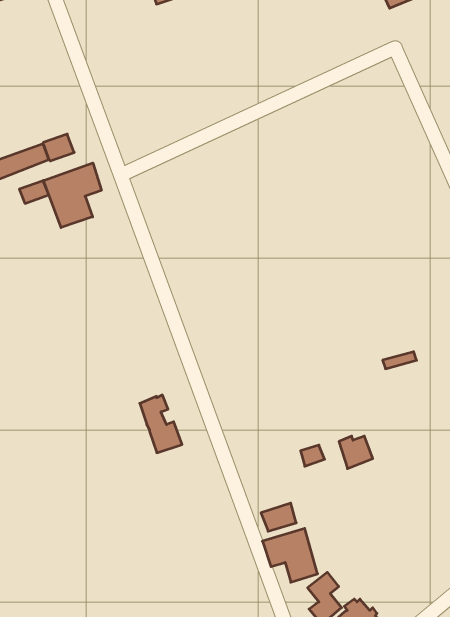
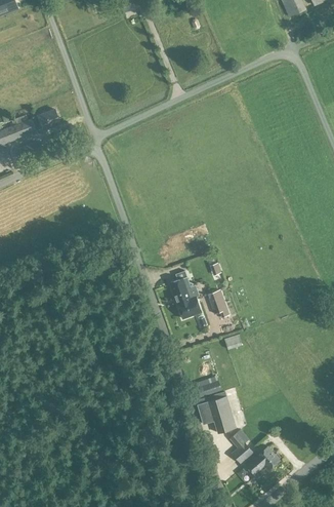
building: [43,163,101,228] -> none
building: [140,395,182,453] -> [170,276,201,318]
building: [339,436,373,469] -> [208,290,233,314]

